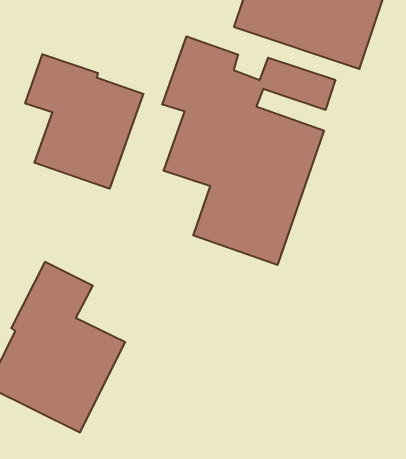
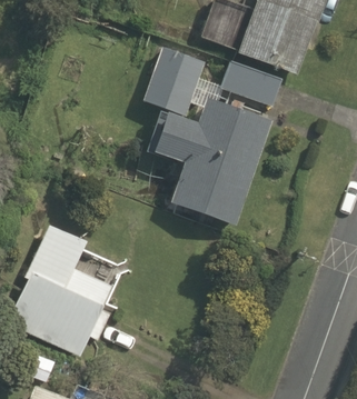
building: [25,54,144,189] -> none

